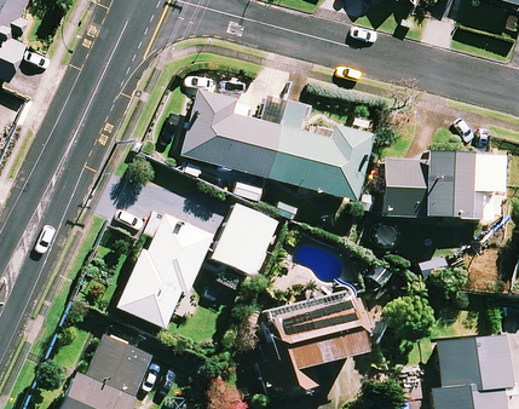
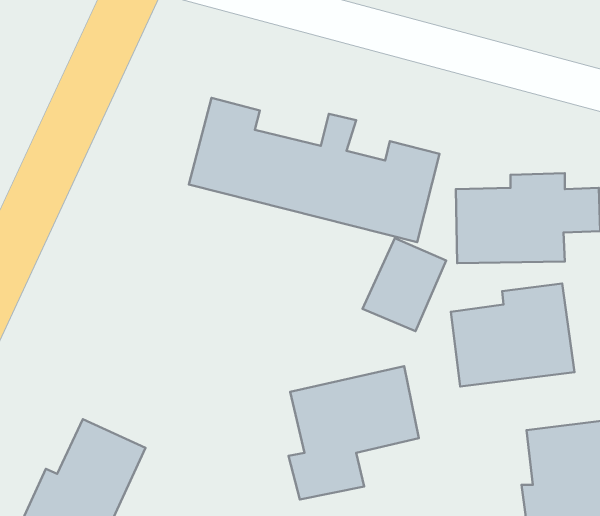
building: [215,206,278,276] -> [363,238,446,331]
building: [119,213,212,328] -> none
building: none -> [451,284,575,387]

